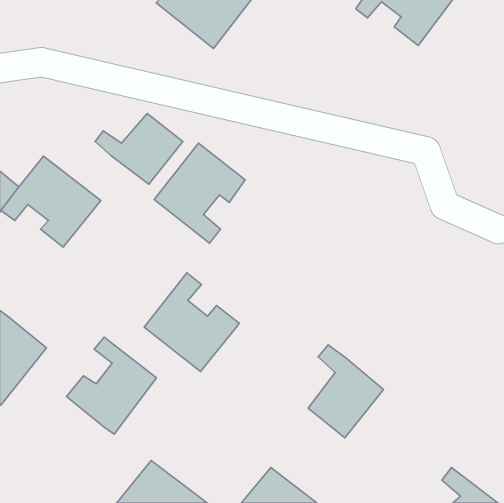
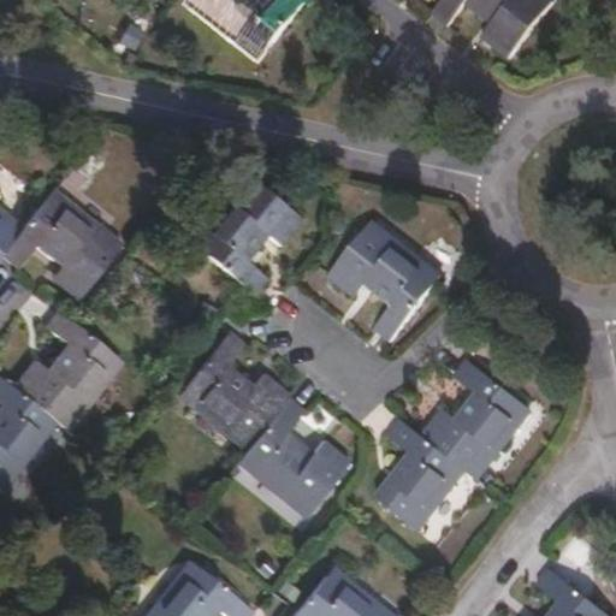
building: [95,114,183,184] -> none
building: none -> [330,223,443,342]
building: none -> [421,359,533,482]
building: none -> [236,397,349,519]
building: [67,337,157,434] -> [11,314,120,432]

